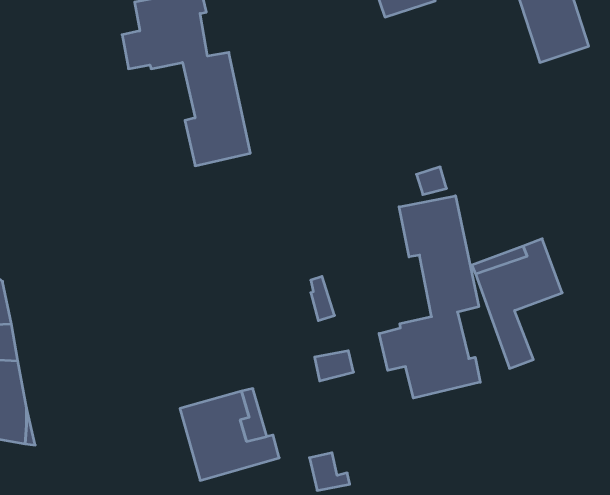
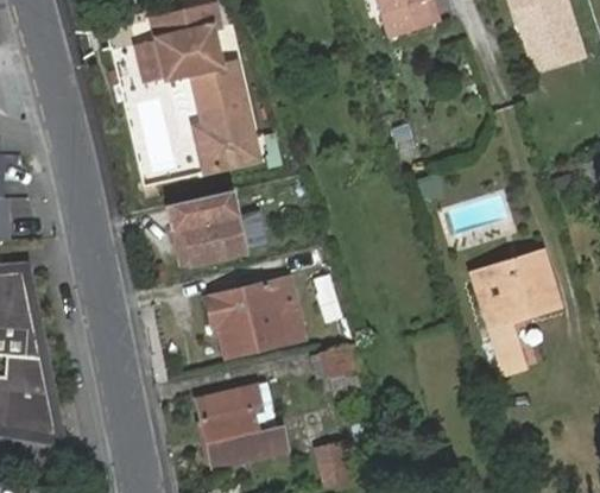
building: none -> [183,194,246,268]
building: [379,196,480,398] -> none
building: none -> [206,279,302,356]

